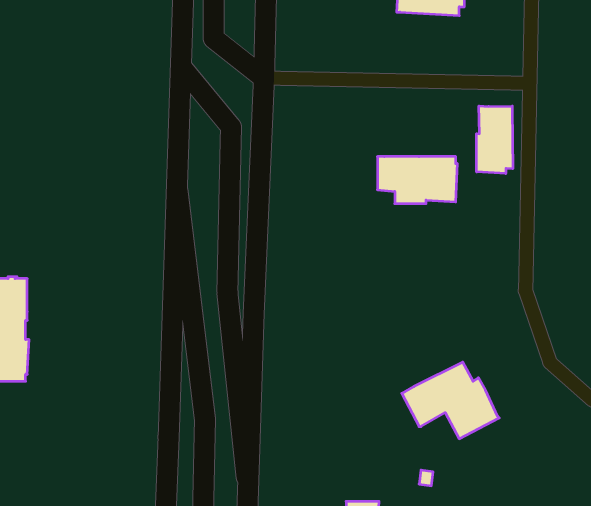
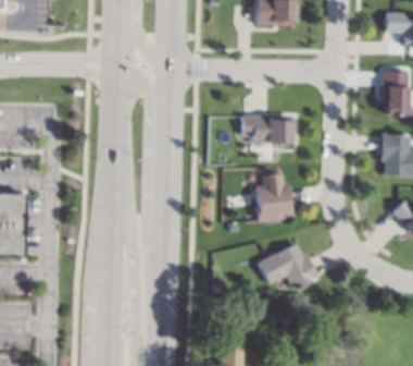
building: [477,106,513,174] -> none
building: none -> [255,173,293,220]

